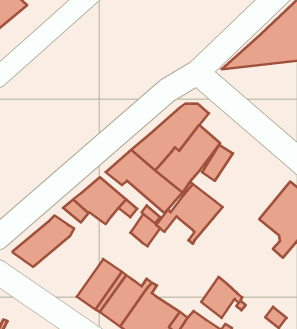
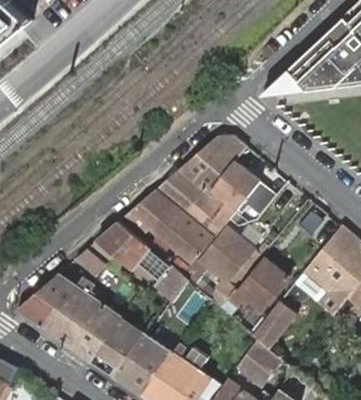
building: none -> [230,259,288,310]
building: none -> [40,281,122,361]
building: none -> [252,285,308,347]

